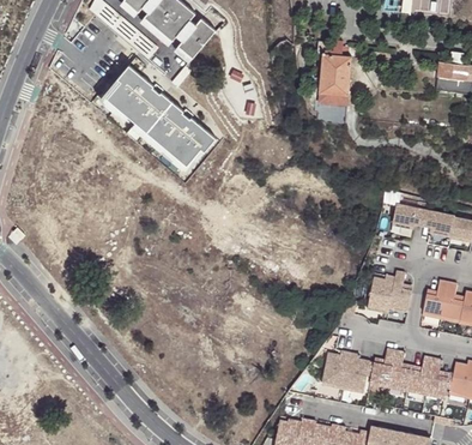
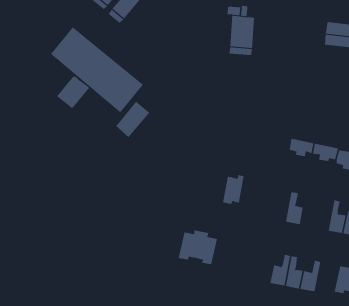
building: none -> [56,76,90,109]
building: none -> [116,101,150,138]
building: [368,275,395,312] -> [222,174,245,205]
building: [423,279,449,319] -> none
building: [322,350,371,393] -> [178,230,218,265]
building: [426,357,449,399] -> none

